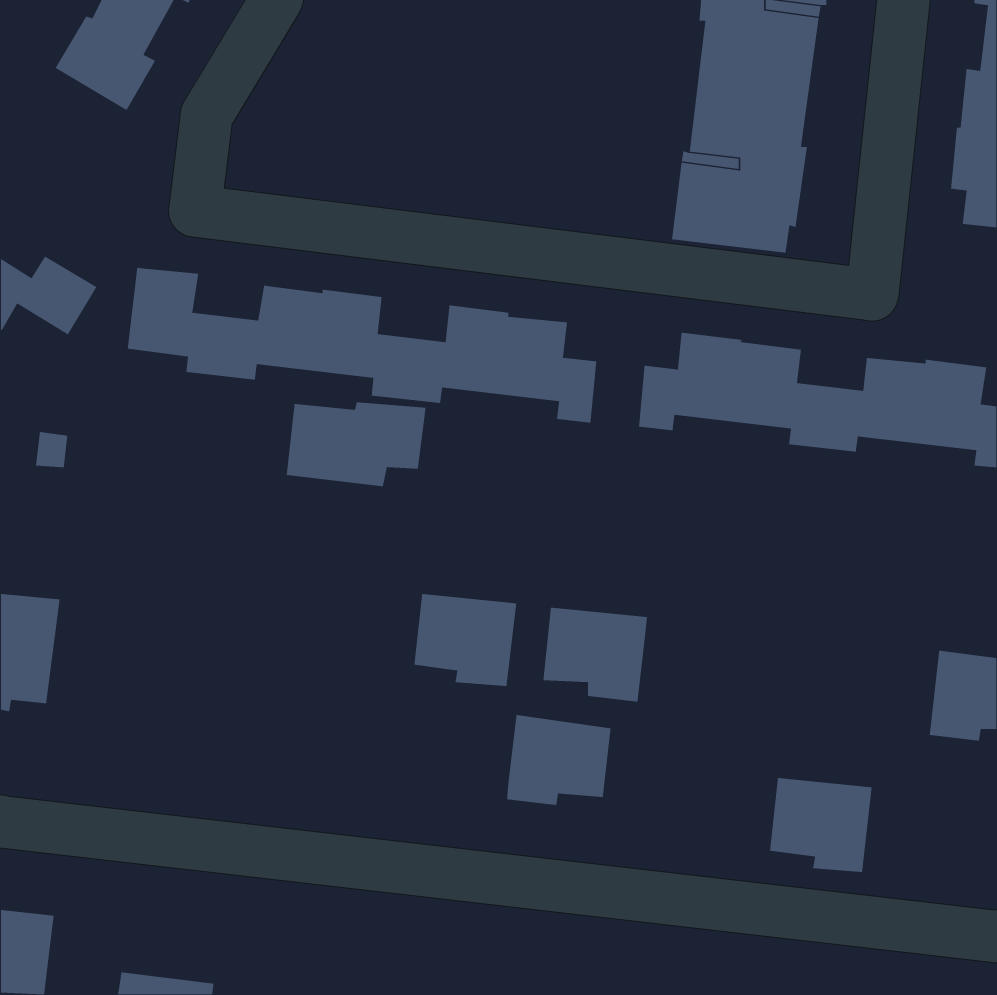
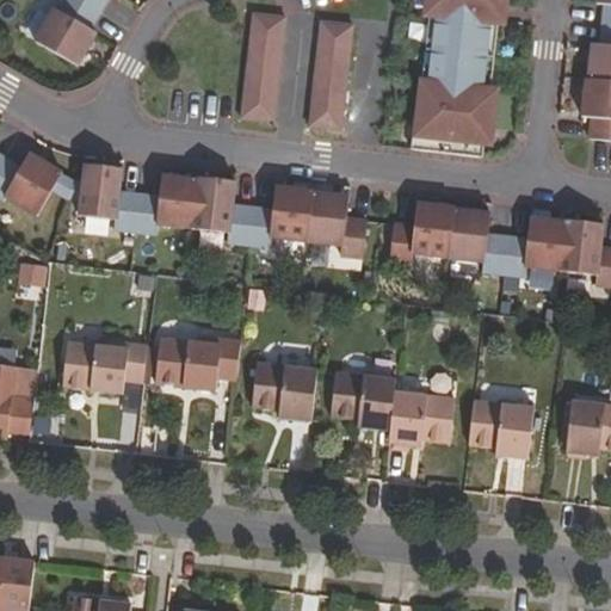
building: none -> [241,14,286,123]
building: none -> [308,20,354,129]
building: [286,401,426,487] -> [155,335,241,388]
building: none -> [62,337,147,390]
building: [506,714,611,806] -> [389,389,453,445]
building: [769,777,873,873] -> [469,400,532,458]

